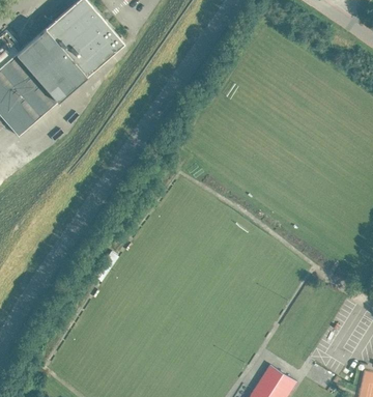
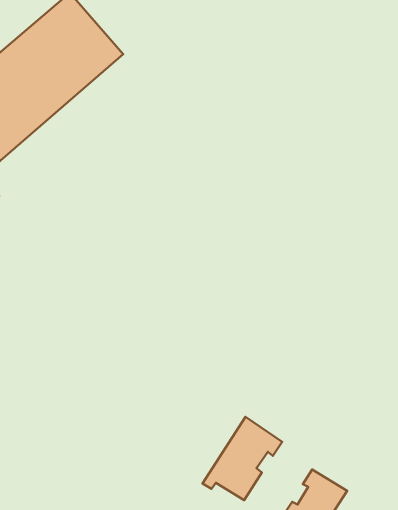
building: none -> [202,417,282,500]

